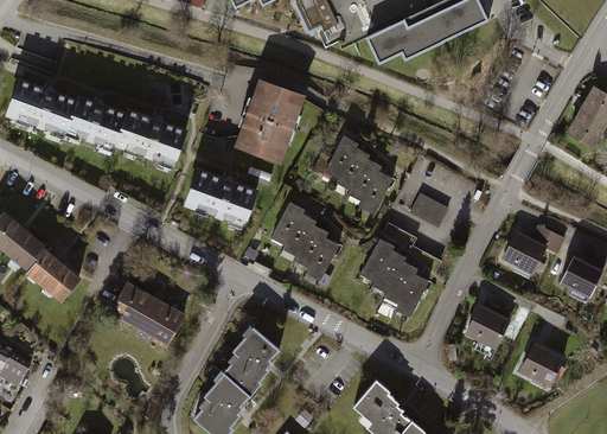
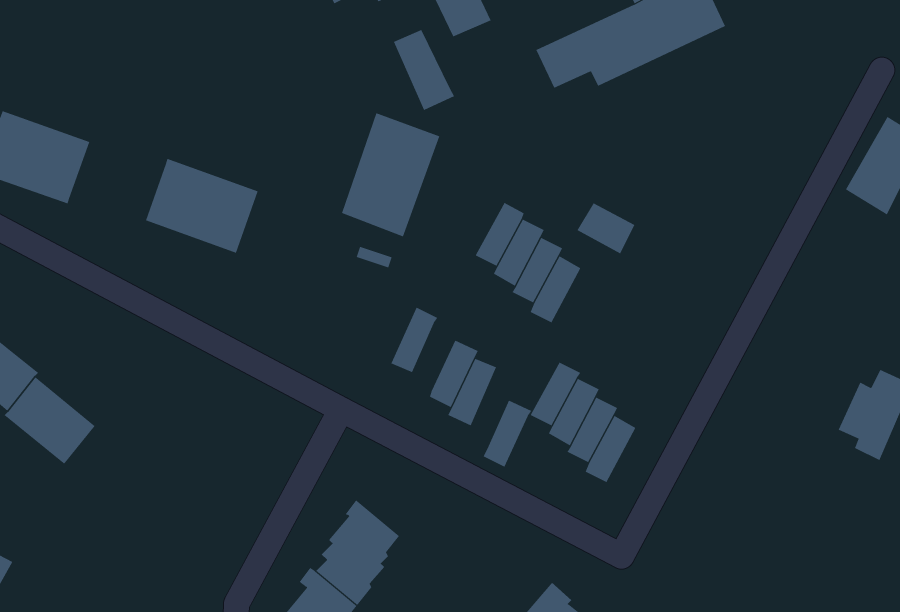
building: none -> [393,29,455,111]
building: [64,92,126,151] -> none
building: [184,166,258,230] -> none
building: [410,192,448,225] -> [577,203,635,254]
building: [283,213,315,257] -> [483,400,532,468]
building: [503,222,567,274] -> none
building: [108,281,184,345] -> none
building: [464,302,509,346] -> none
building: [517,339,563,385] -> none

